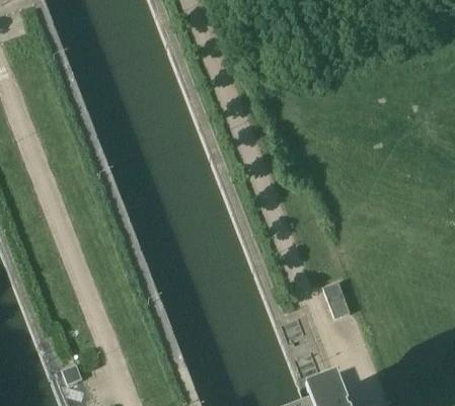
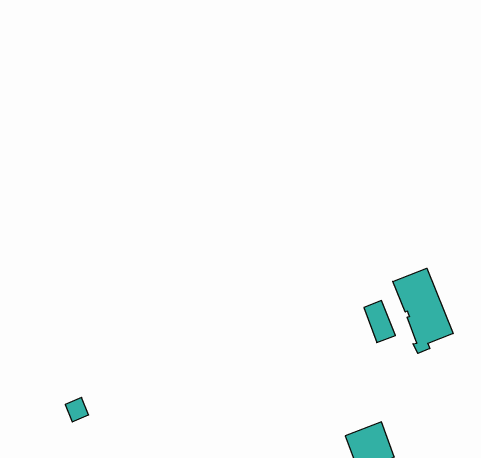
building: none -> [393,268,453,353]

